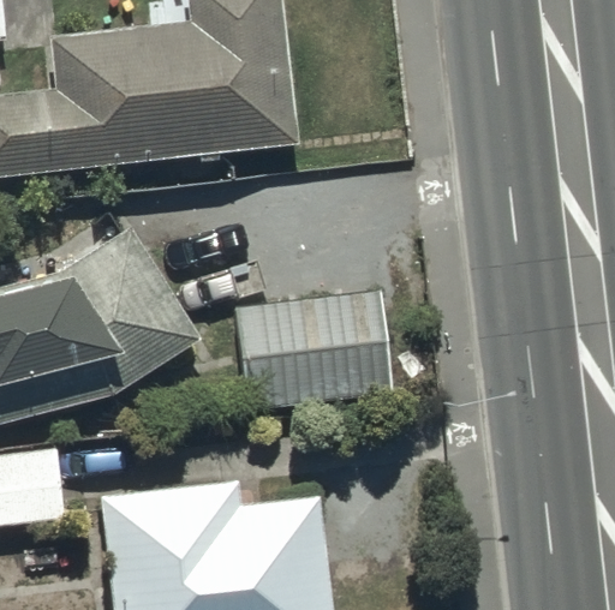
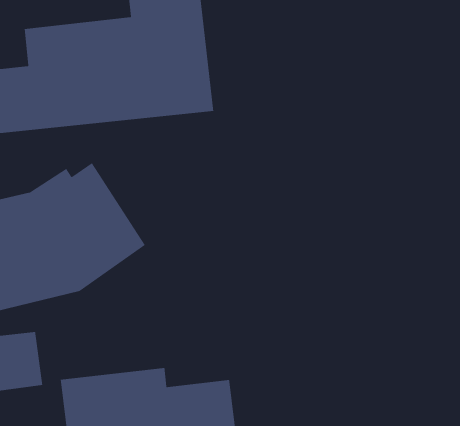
building: [241,285,398,402] -> none

